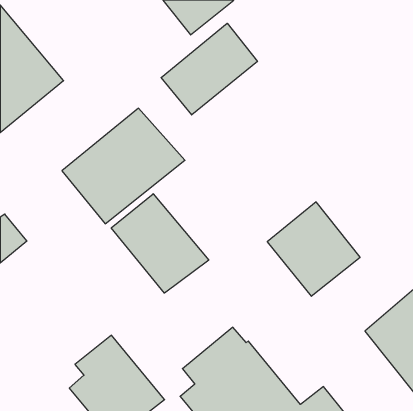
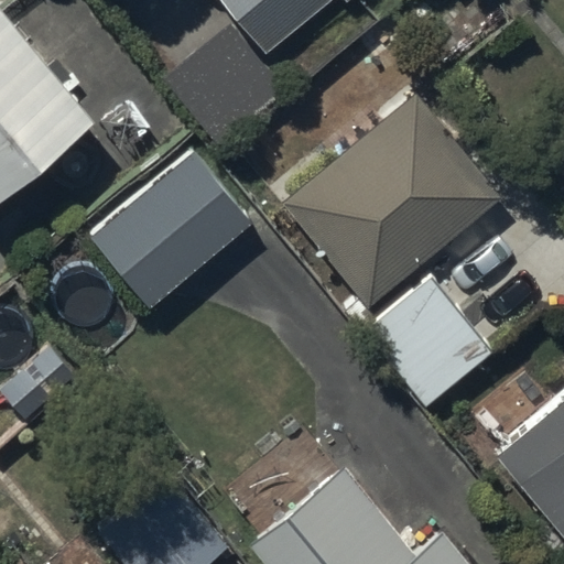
building: [161,23,257,115] -> none
building: none -> [282,93,501,306]
building: [111,194,209,293] -> none

